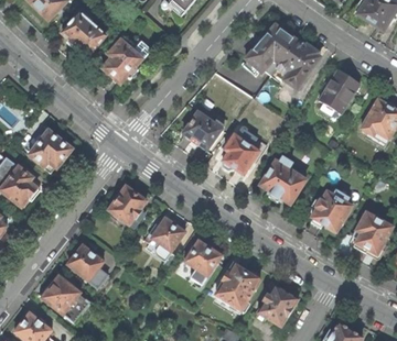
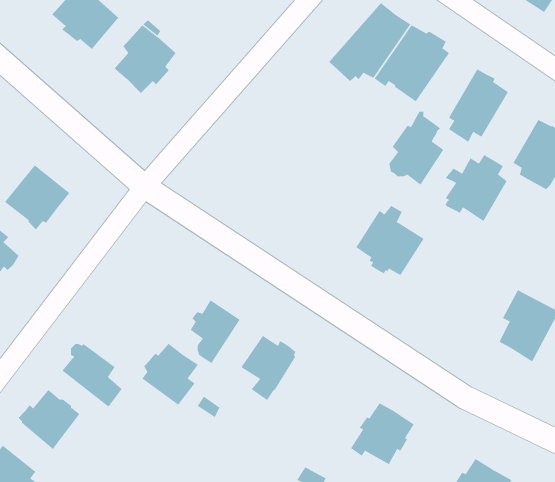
building: [183,110,225,147] -> none
building: [222,124,258,173] -> [389,111,444,185]
building: [108,186,146,227] -> [141,343,199,405]
building: [310,186,351,230] -> [445,154,507,222]
building: [215,263,259,311] -> none

